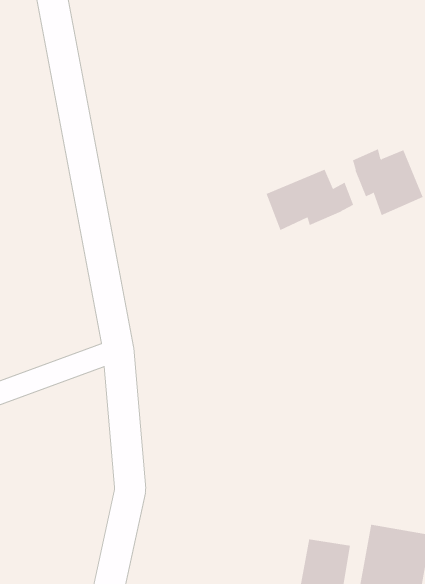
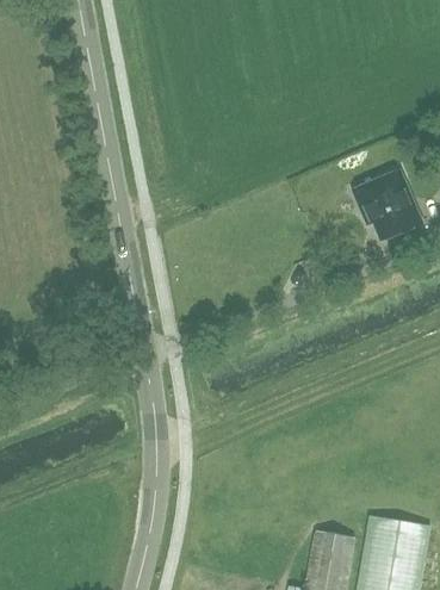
building: [266,169,354,231] -> none

